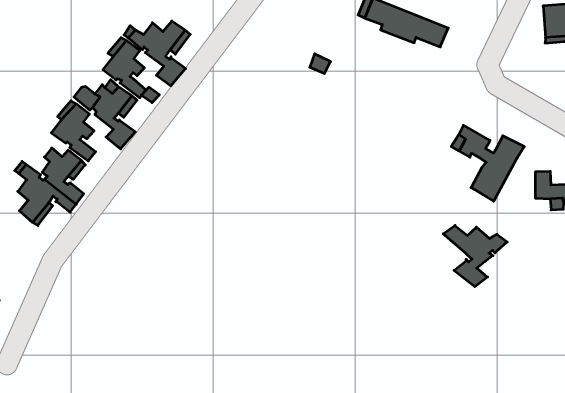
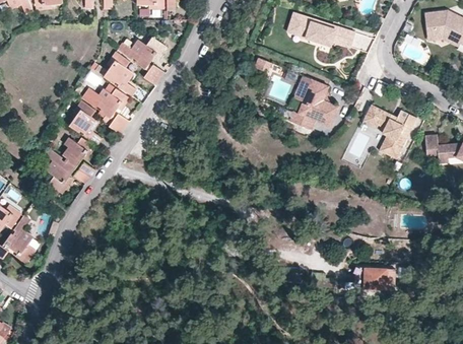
building: none -> [289,75,339,130]
building: [443,225,507,287] -> none
building: none -> [362,267,395,293]

